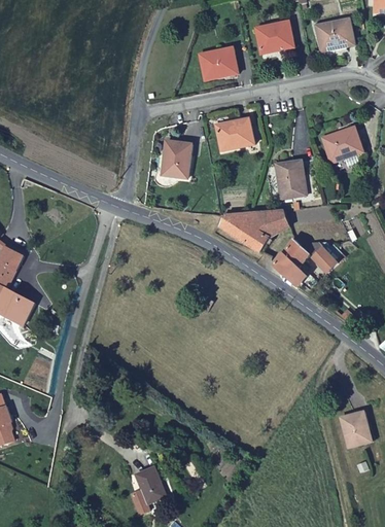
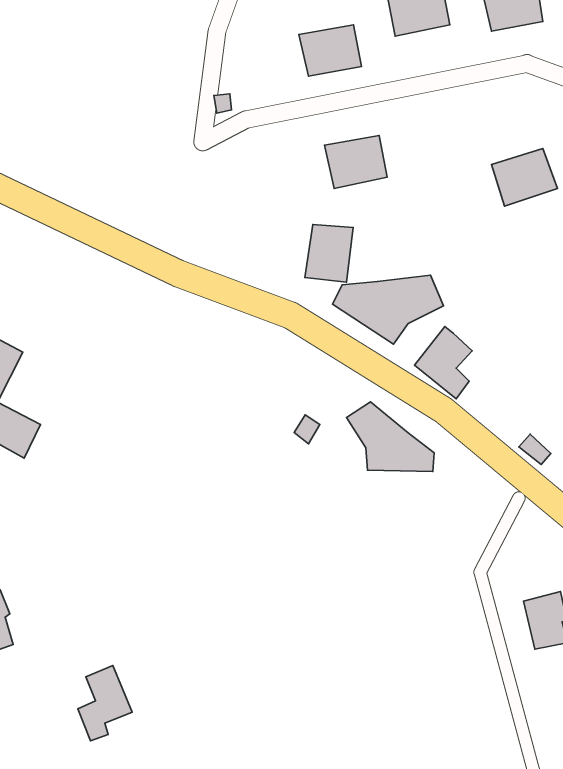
building: [160,141,190,178] -> [305,224,353,282]
building: [275,160,307,199] -> none
building: [305,243,336,273] -> none
building: none -> [347,402,434,472]
building: [130,467,165,516] -> [78,666,132,741]

